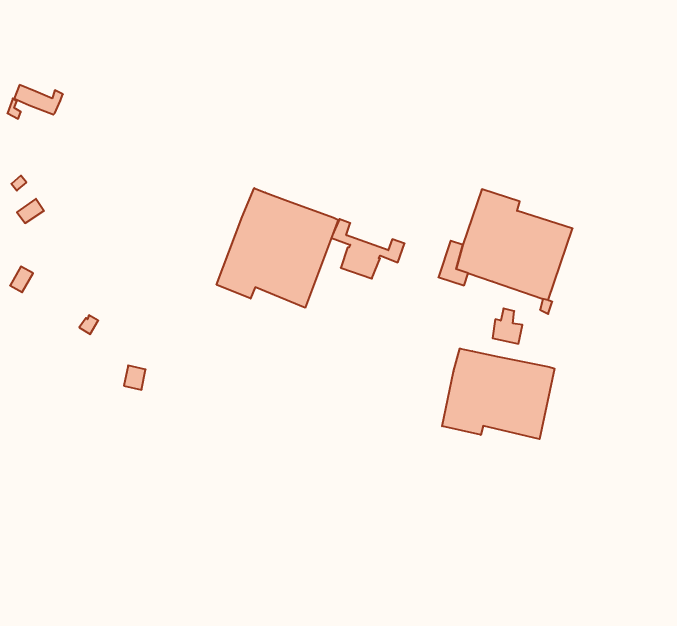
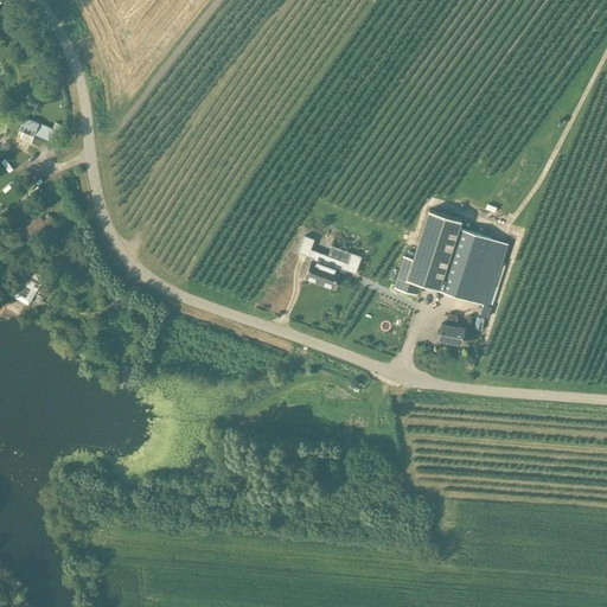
building: [217,188,338,308] -> none
building: [442,348,555,439] -> none

